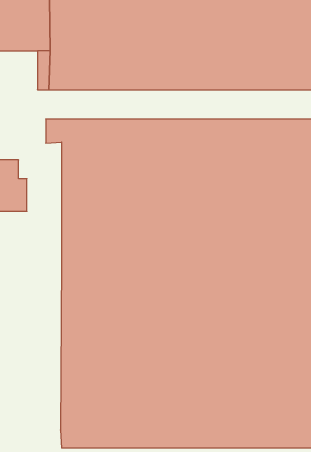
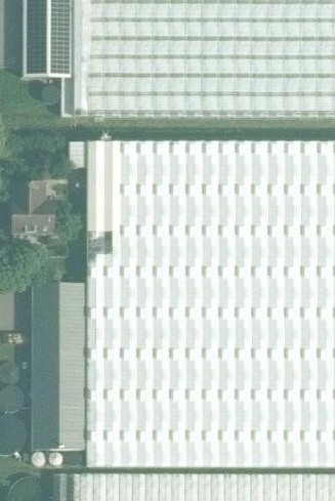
building: none -> [31,284,86,448]

